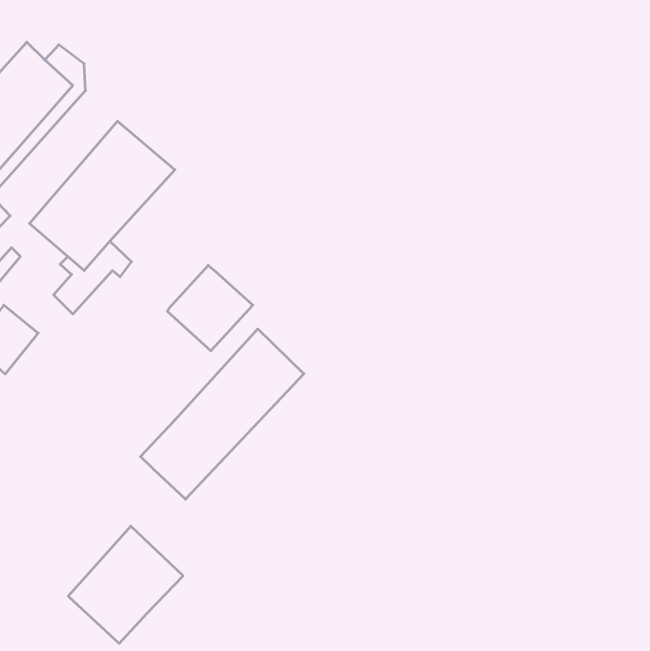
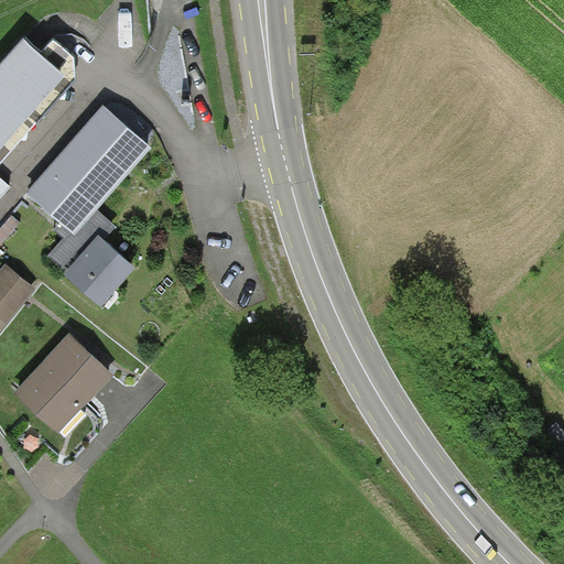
building: [167,265,253,351] -> [62,234,135,307]
building: [140,329,304,499] -> none
building: [68,526,183,643] -> [12,330,111,432]

